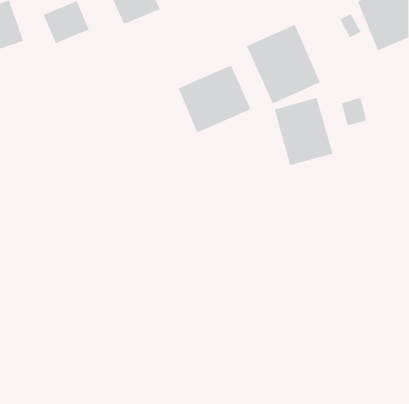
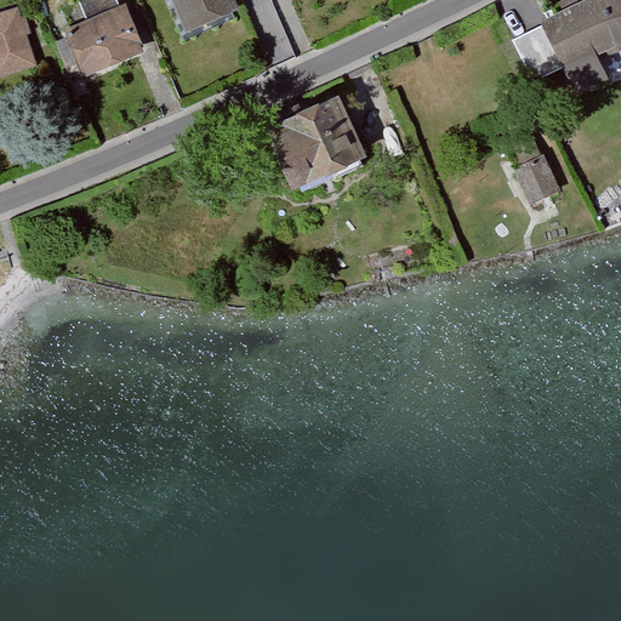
building: [246,24,321,104] -> none
building: [274,97,334,166] -> none

